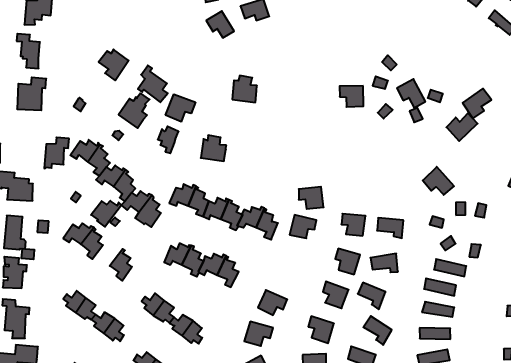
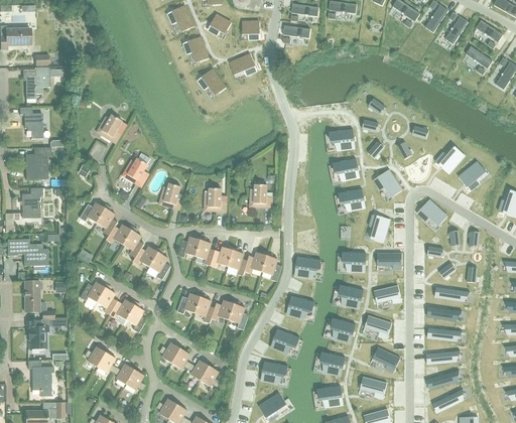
building: [138,65,168,102] -> none
building: [232,76,257,102] -> [250,183,272,207]
building: [397,79,425,108] -> [372,169,400,196]
building: [463,89,491,118] -> [458,160,485,189]
building: [166,94,195,122] -> none
building: none -> [333,157,359,179]
building: [44,137,69,168] -> [21,187,42,218]
building: none -> [368,213,389,242]
building: [299,187,324,209] -> [340,187,365,209]
building: [91,201,122,227] -> [109,299,137,324]
building: none -> [285,295,311,317]

